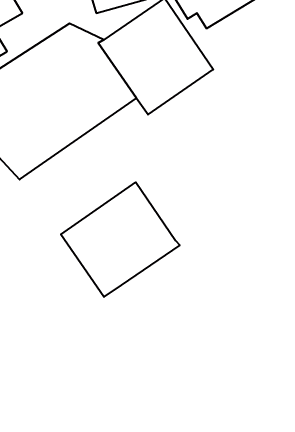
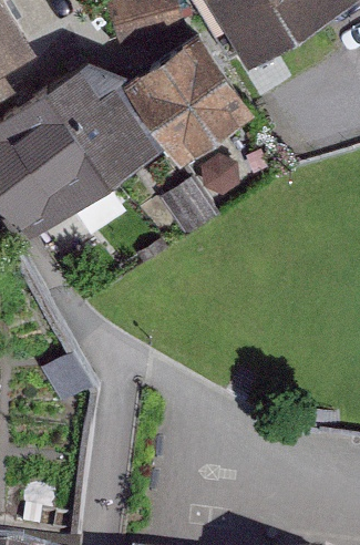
building: [61,182,180,297] -> none

